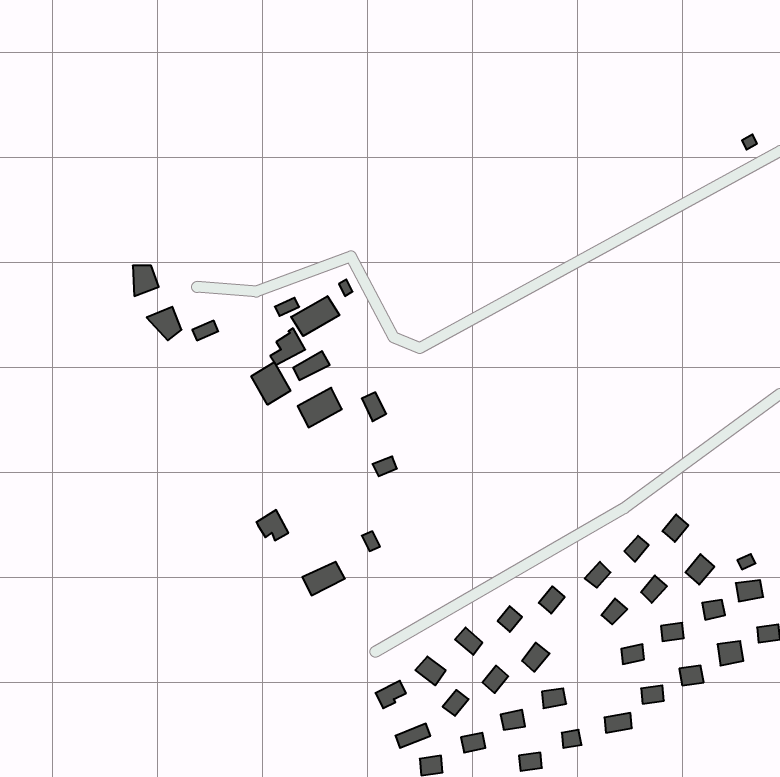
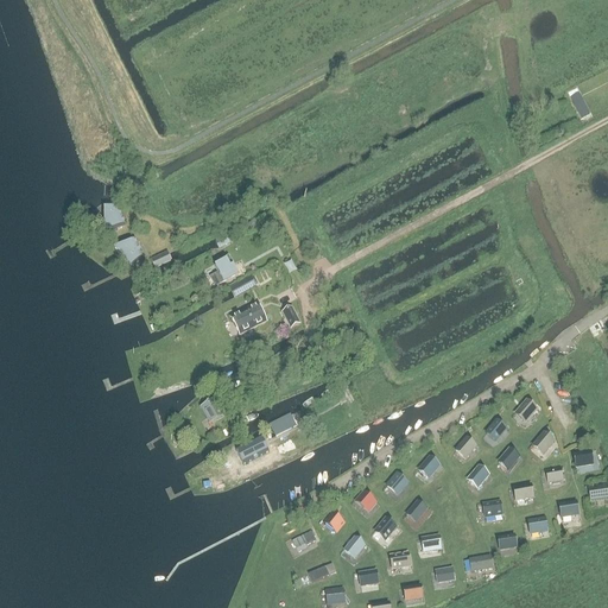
building: [291,296,339,336] -> none
building: [251,362,290,405] -> none

